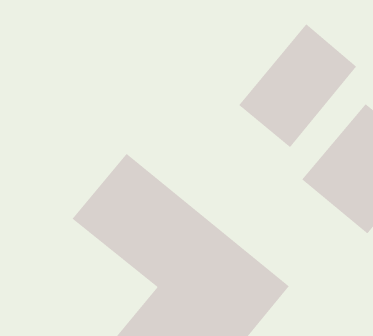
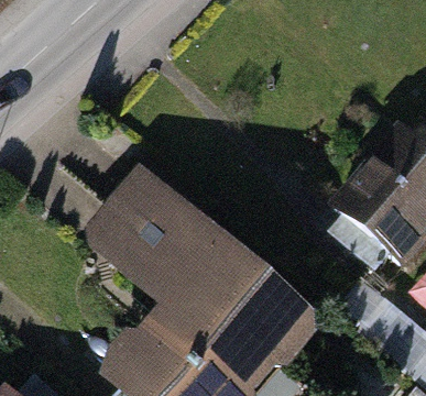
building: [238,23,357,148] -> none

